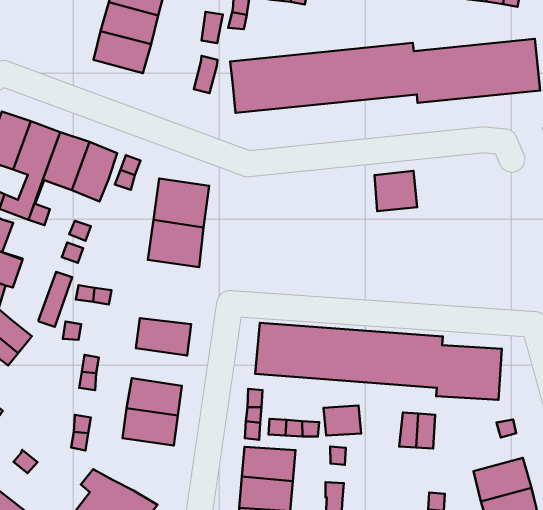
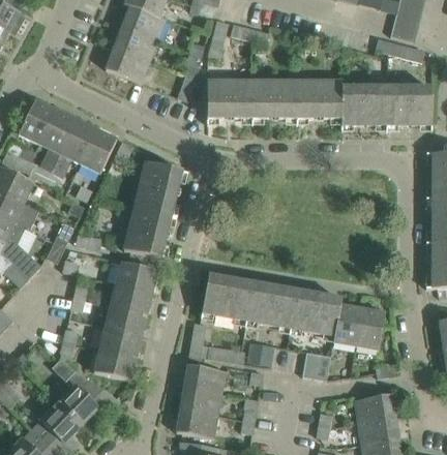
building: [375,171,417,211] -> none
building: none -> [123,219,168,257]
building: none -> [110,283,152,314]
building: none -> [93,348,136,380]

